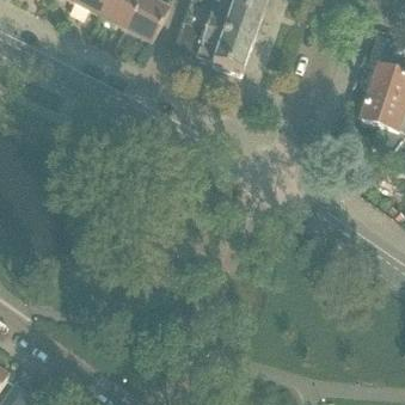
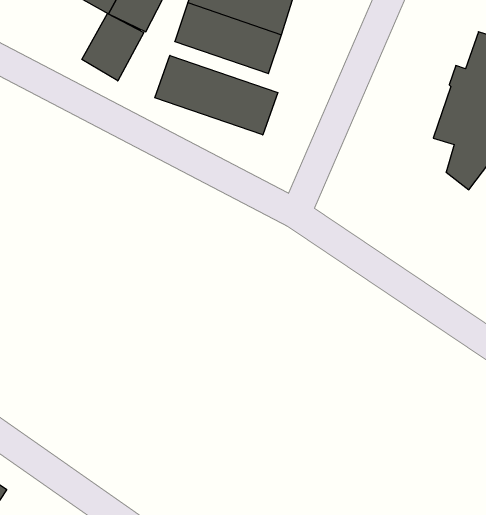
building: none -> [82,13,144,81]
building: none -> [155,55,278,135]

